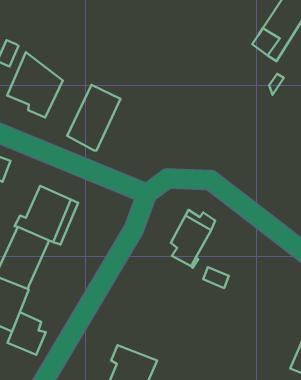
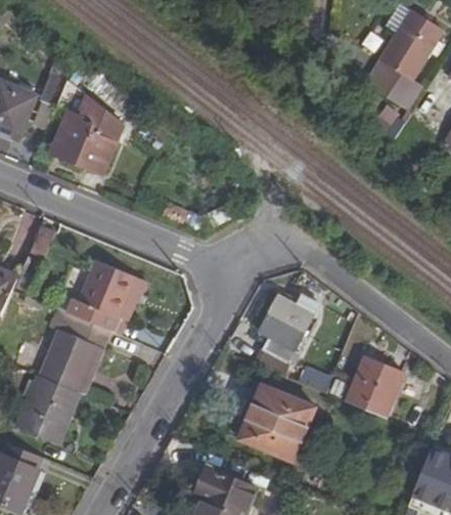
building: [67,85,120,150] -> none
building: none -> [345,359,401,419]
building: none -> [237,385,314,461]
building: [7,312,46,355] -> none

